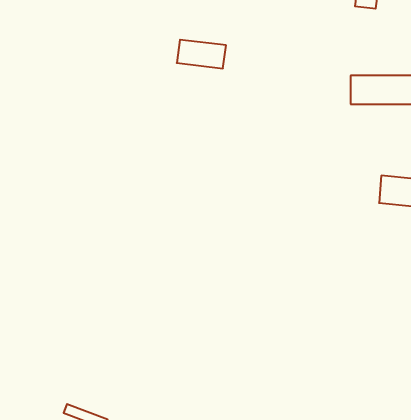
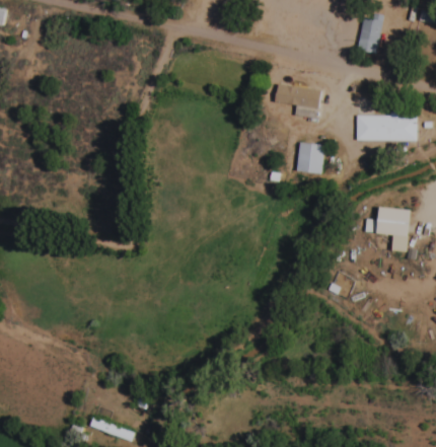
building: [177,40,226,68] -> [275,85,320,111]
building: none -> [297,143,324,166]

